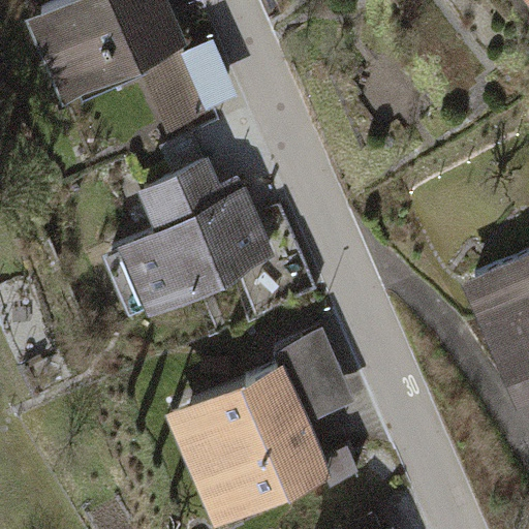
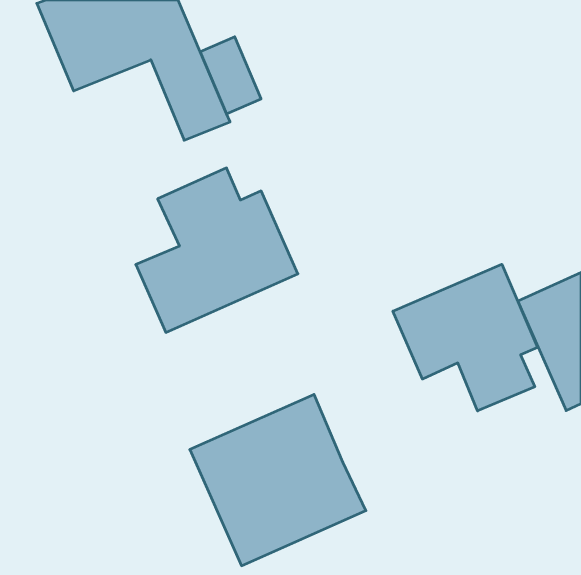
building: none -> [393,264,538,411]
building: [276,334,352,427] -> none

